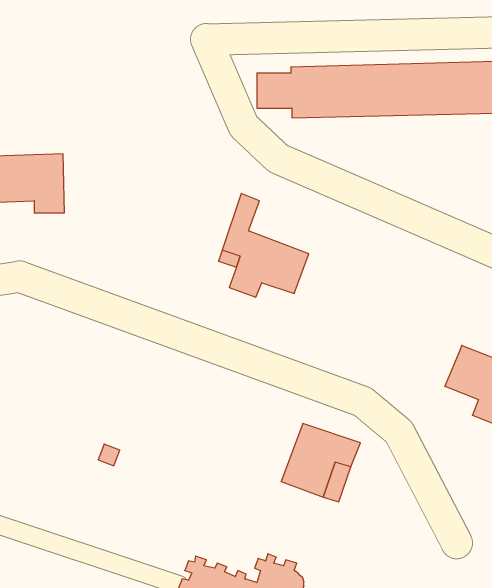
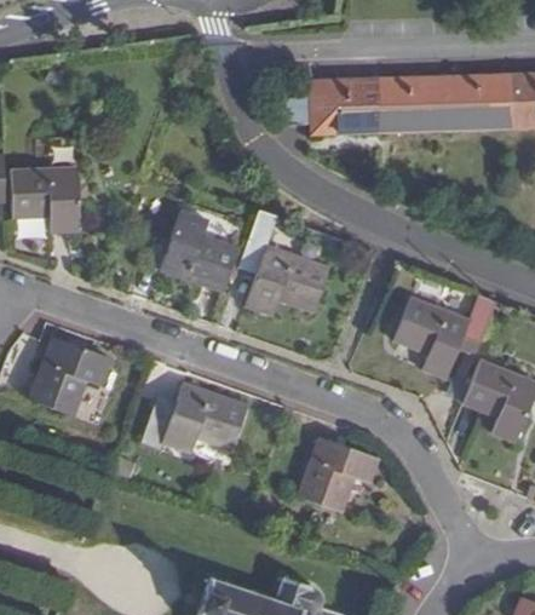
building: none -> [160,209,238,291]
building: none -> [393,298,494,377]
building: none -> [30,338,113,416]
building: none -> [142,384,247,453]

